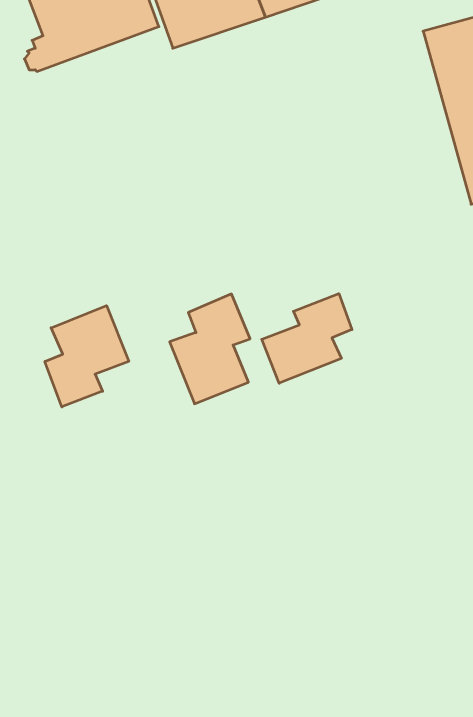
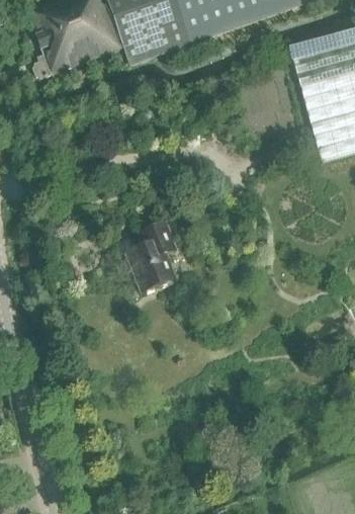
building: [262,294,352,383] -> none
building: [45,306,129,407] -> none

